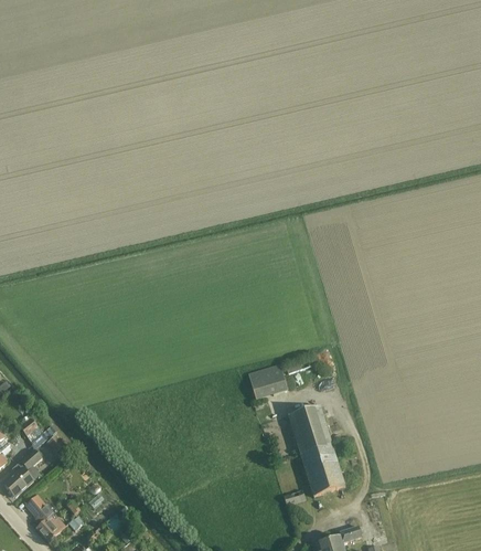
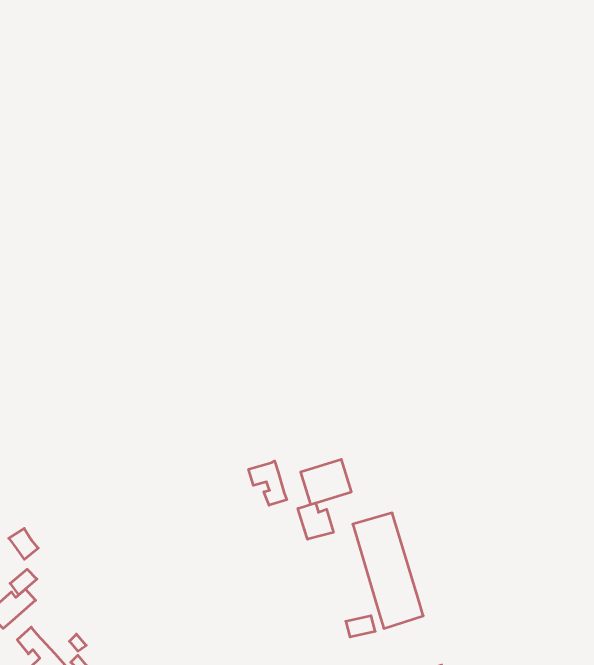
building: none -> [249,461,287,505]
building: none -> [298,503,333,539]

